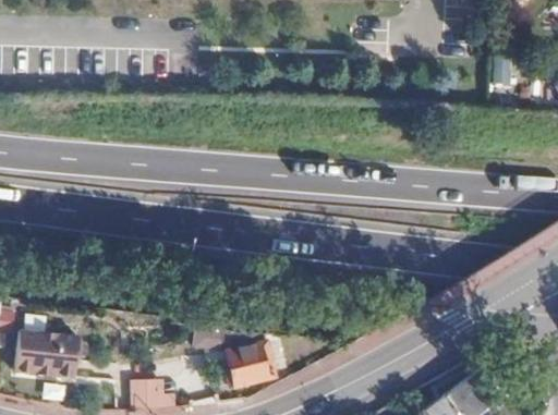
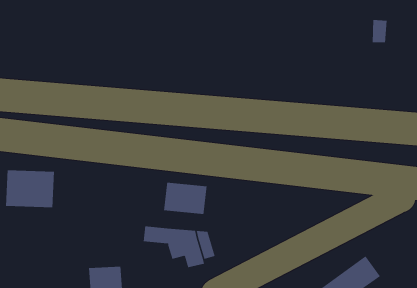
building: none -> [163,182,207,215]
building: [15,328,81,378] -> [5,170,55,208]

